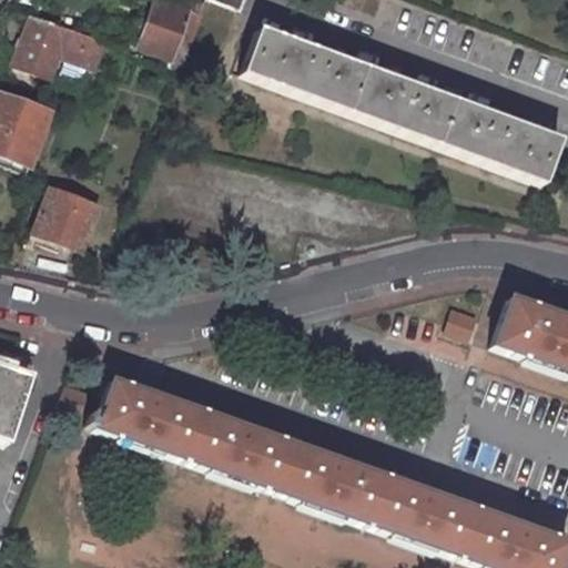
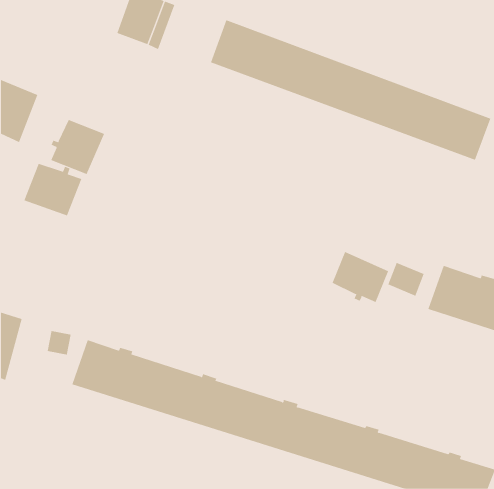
building: [17,8,101,64] -> none
building: none -> [51,119,105,175]
building: none -> [332,251,389,303]

